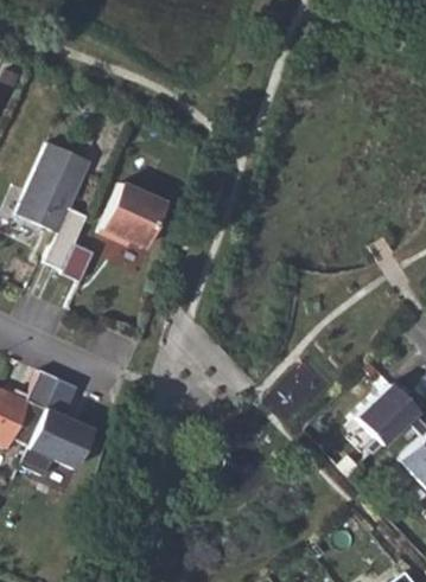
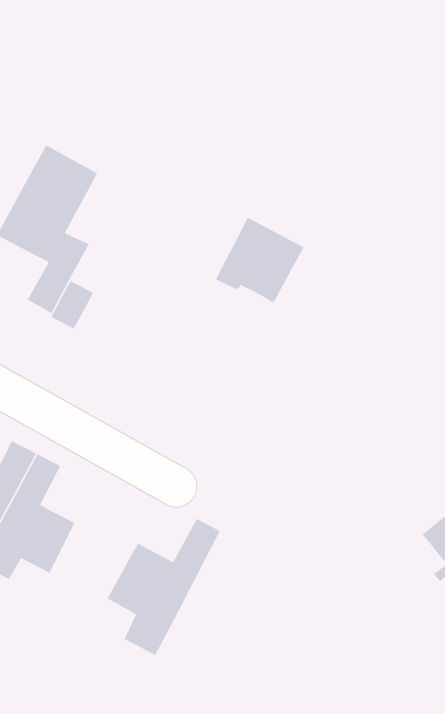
building: [101,183,167,248] -> [215,216,304,304]
building: none -> [107,518,221,656]

